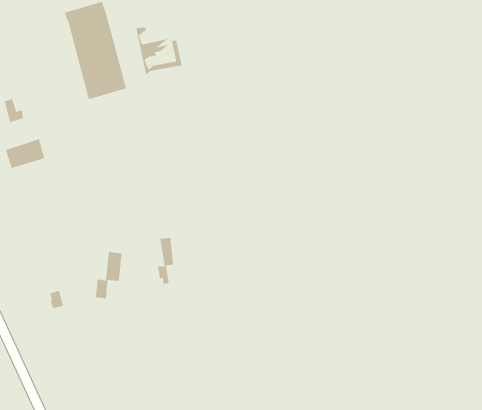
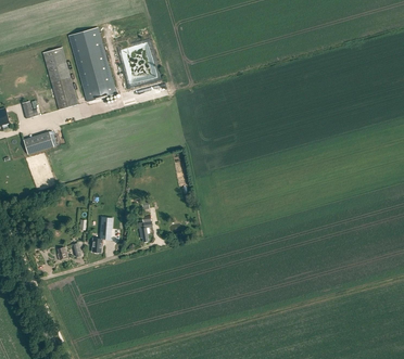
building: none -> [43,48,78,110]

